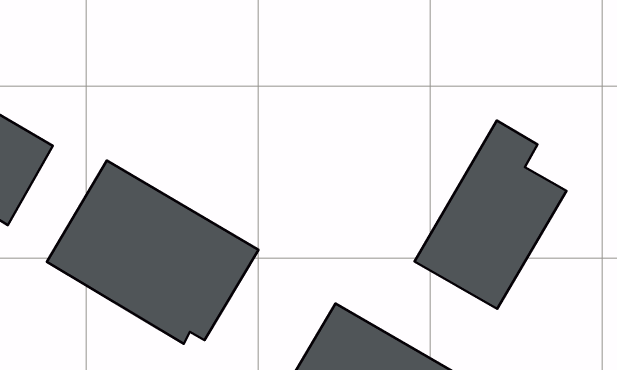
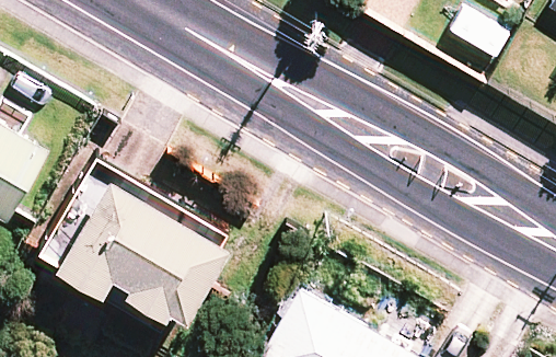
building: [415,121,567,309] -> none

